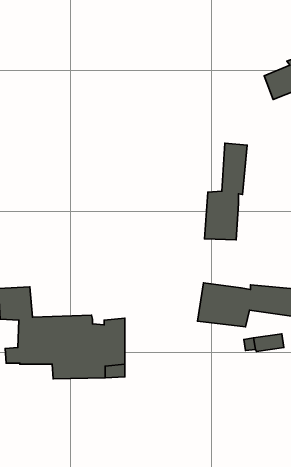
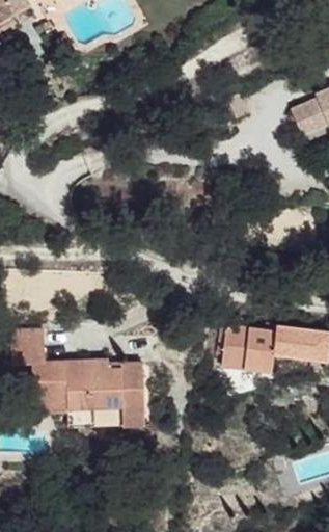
building: [204,143,247,240] -> none

